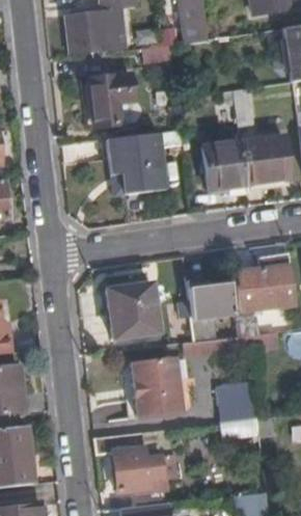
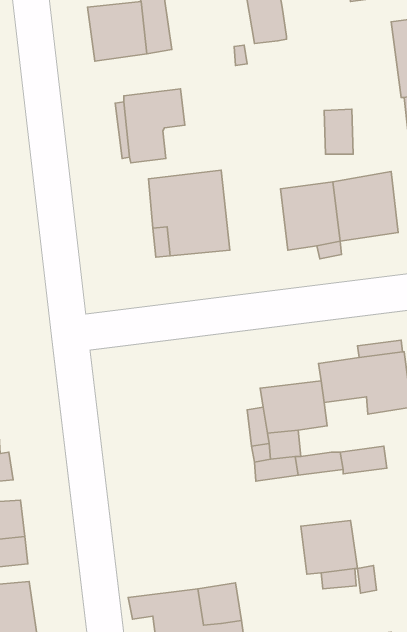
building: [108,282,158,337] -> none
building: [129,355,180,417] -> none

